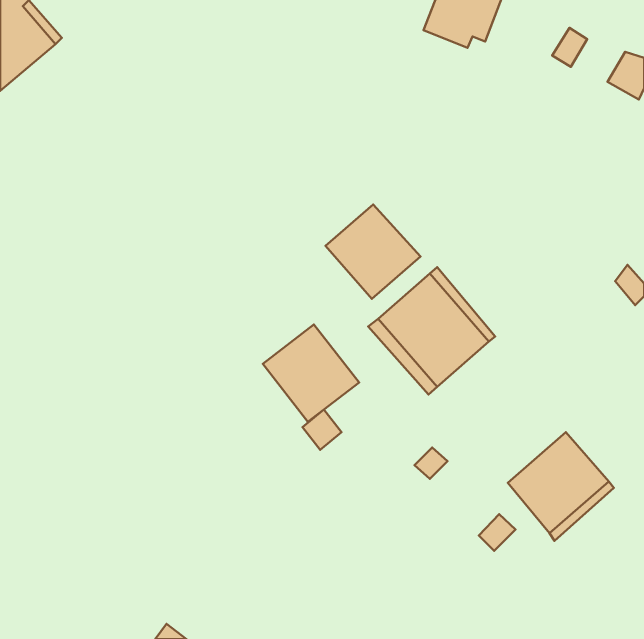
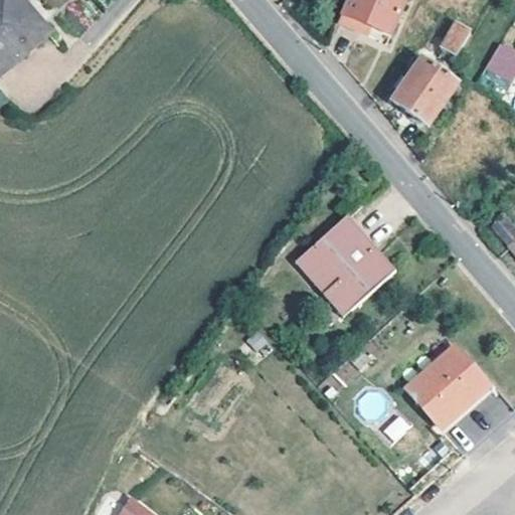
building: none -> [391,58,456,124]
building: [326,204,420,299] -> none
building: [263,324,359,422] -> none

